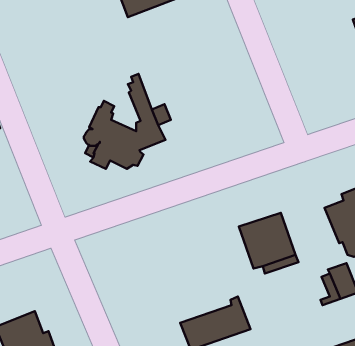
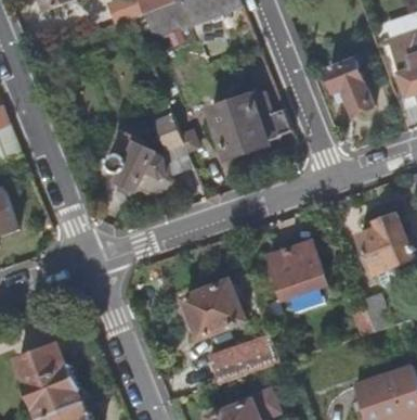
building: none -> [326,59,373,113]
building: none -> [208,91,290,157]
building: none -> [183,280,244,336]

